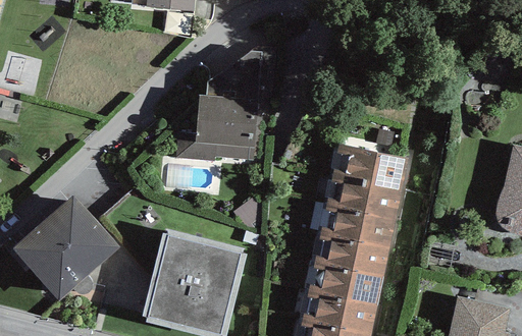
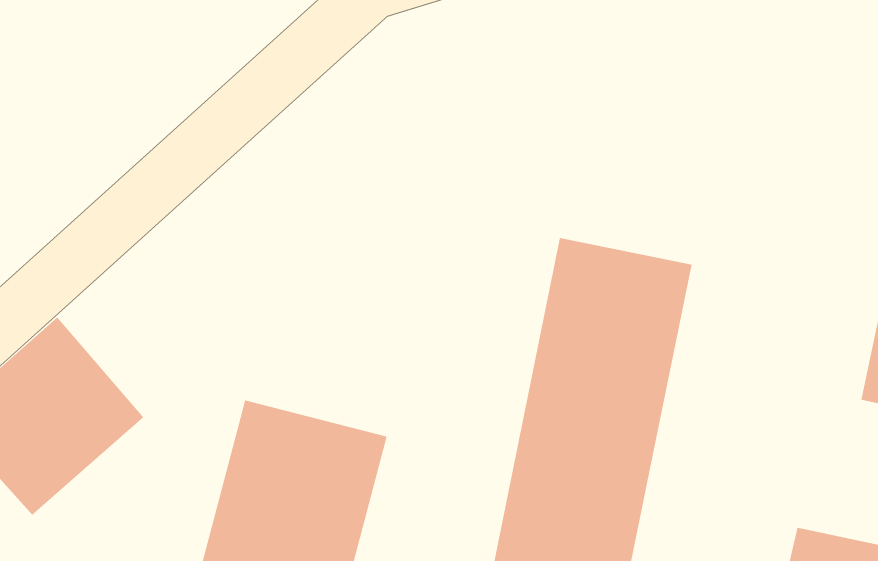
building: [172,46,271,161] -> none

